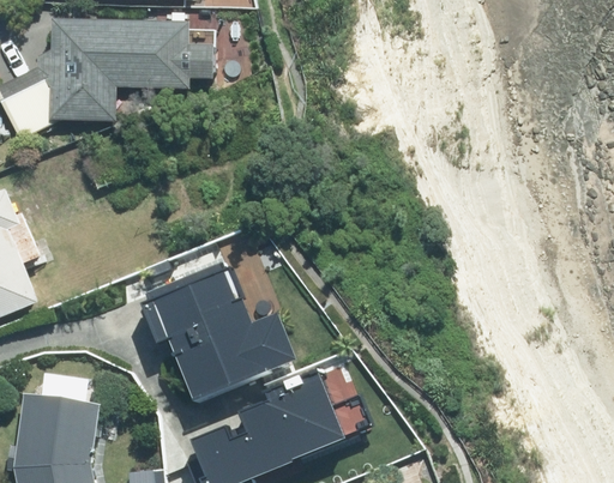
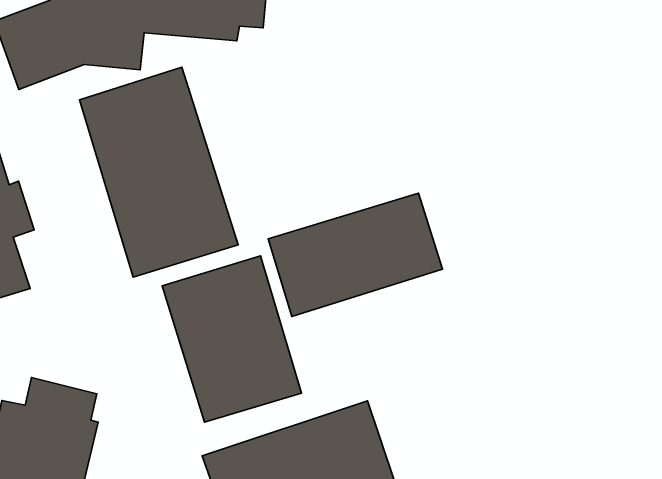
building: none -> [79,67,238,277]
building: none -> [268,193,443,316]

